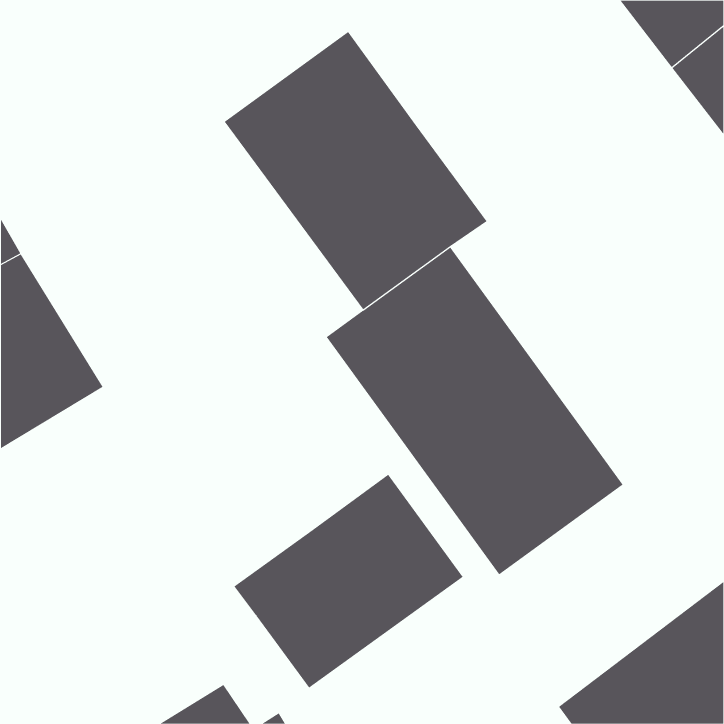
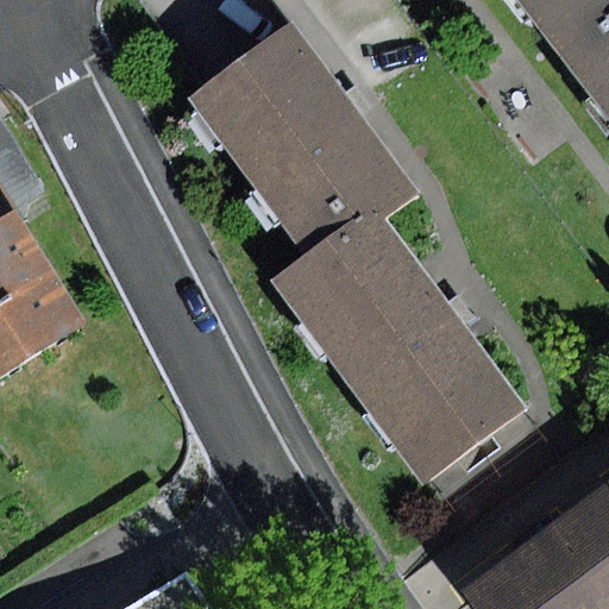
building: [233,474,464,689] -> none

